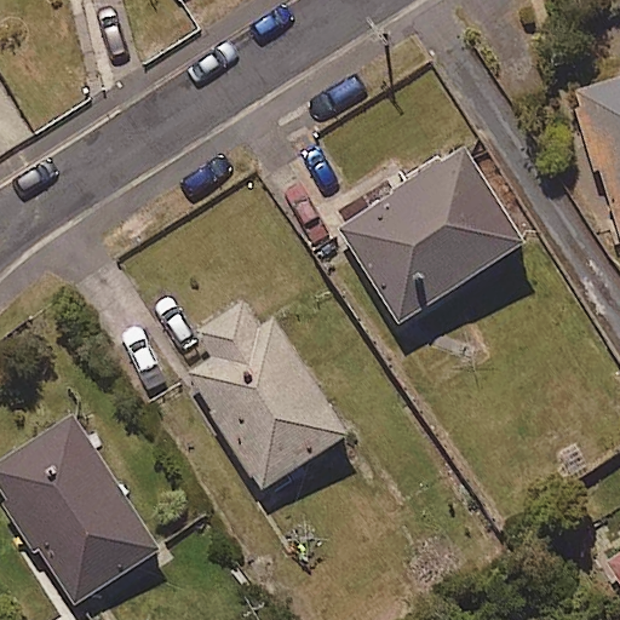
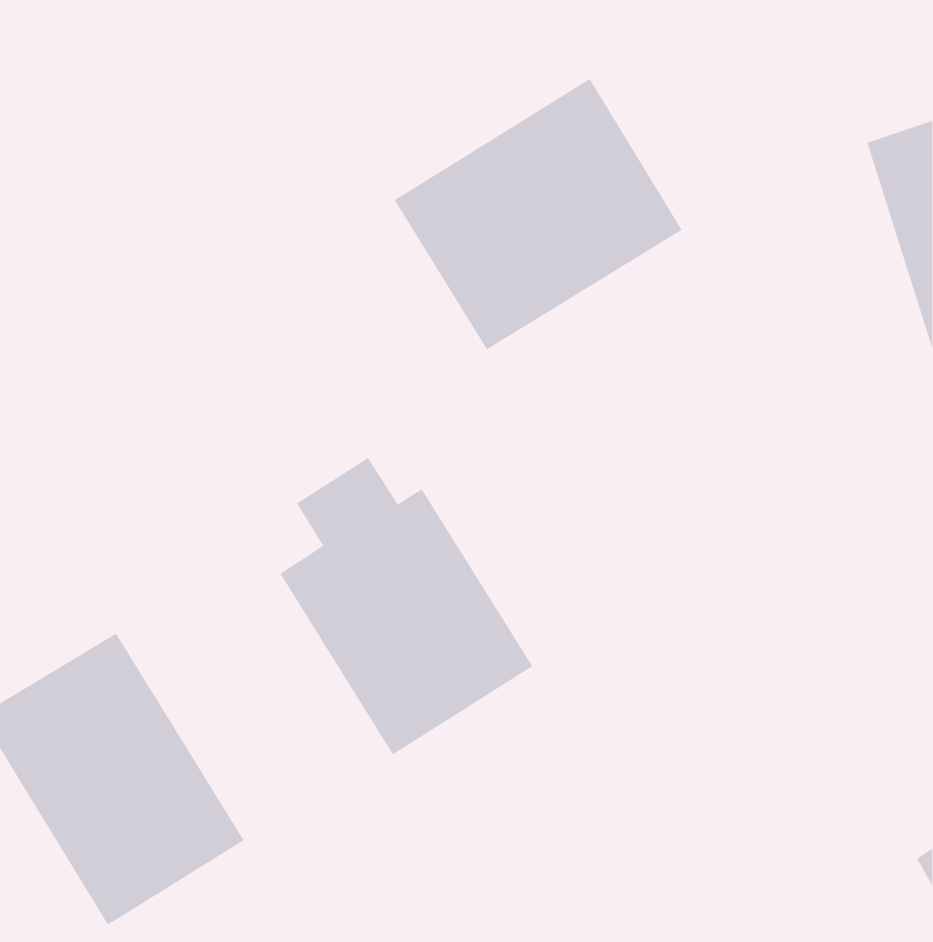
building: [340,145,529,323] -> [394,78,683,350]

